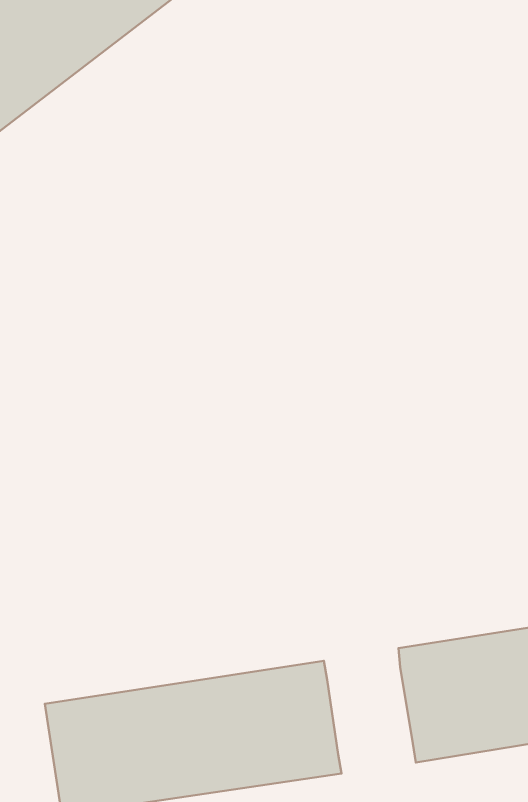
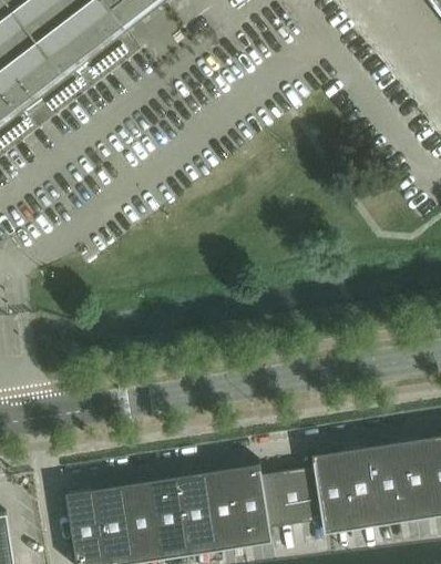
building: none -> [263,469,322,530]

